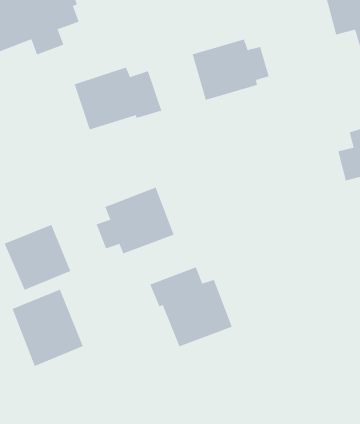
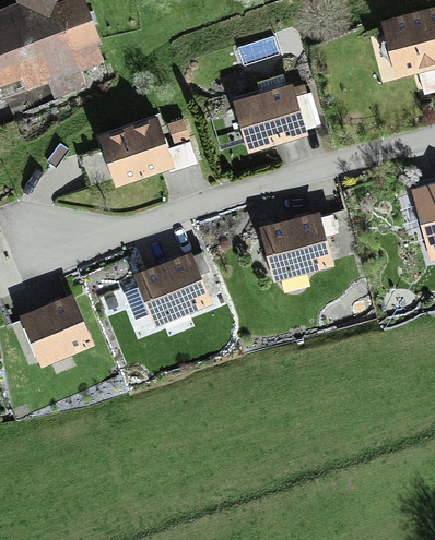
building: none -> [258,211,339,283]
building: [150,267,232,347] -> none
building: [12,289,84,367] -> none

